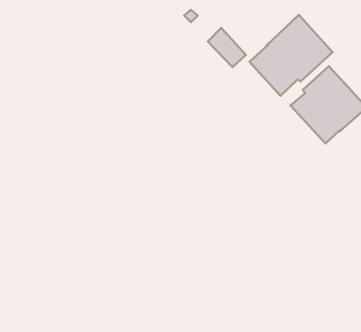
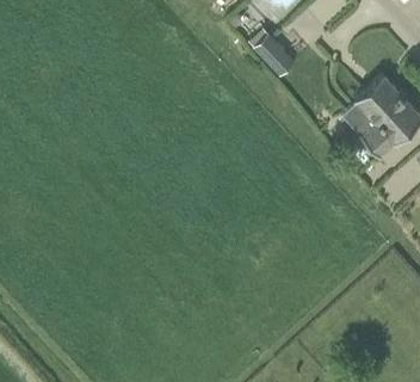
building: [249,15,333,96] -> none

